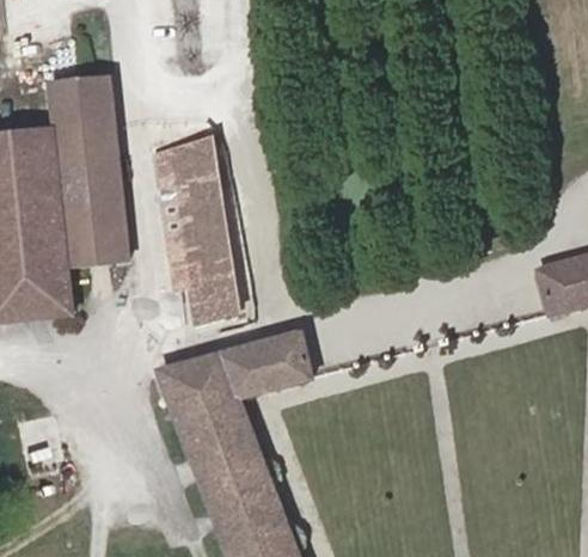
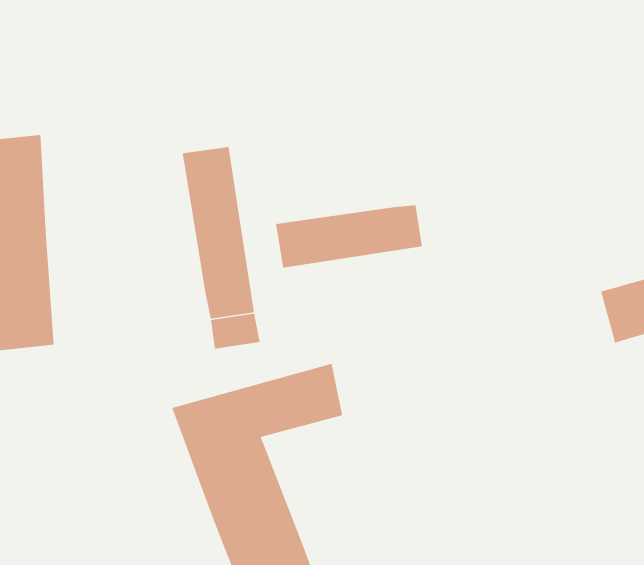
building: [50,79,127,264] -> none
building: none -> [275,204,423,268]

